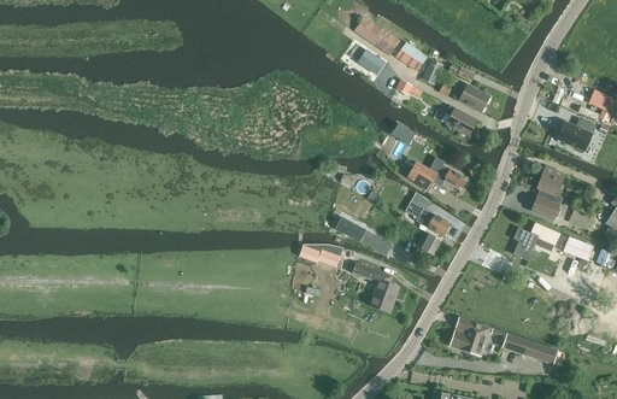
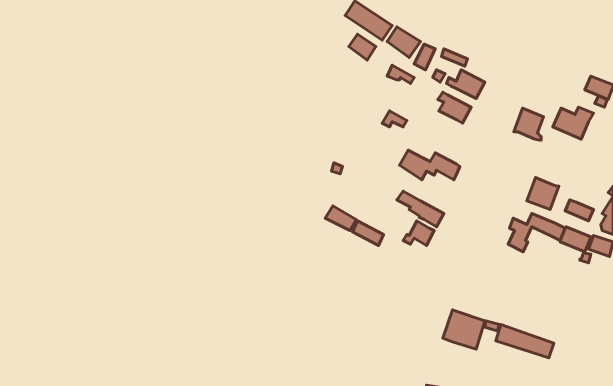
building: [536,165,565,196] -> [514,108,544,140]
building: [299,243,343,266] -> none
building: [352,262,399,312] -> none

